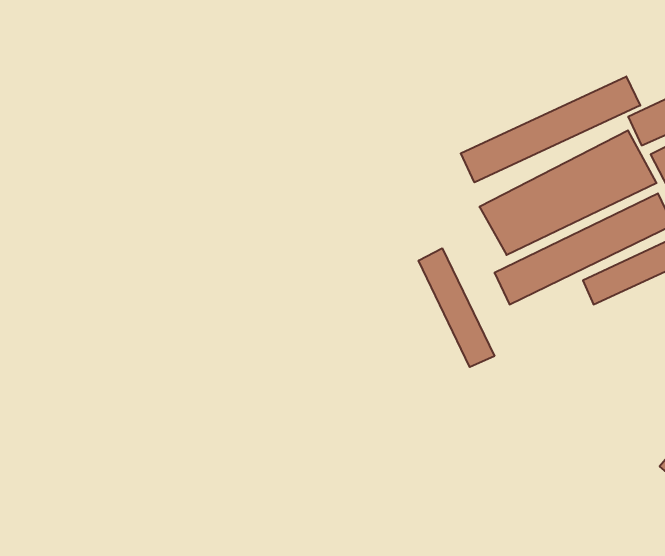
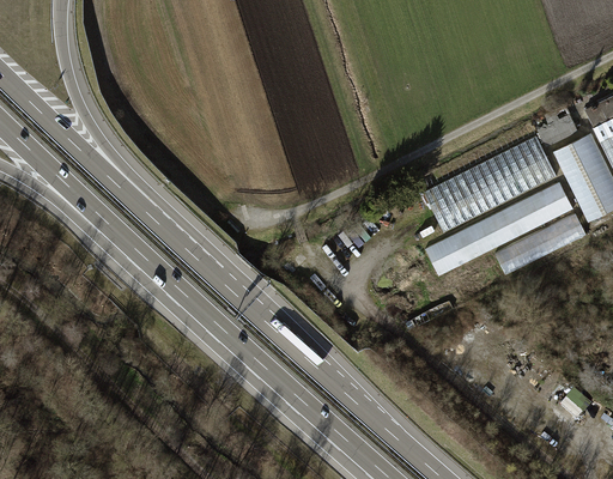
building: [461,76,640,182] -> none
building: [419,248,494,367] -> none

